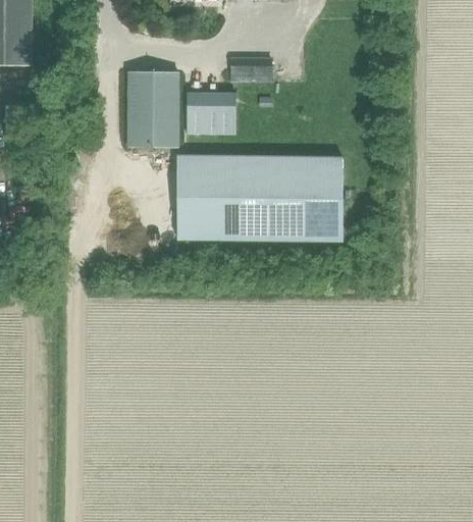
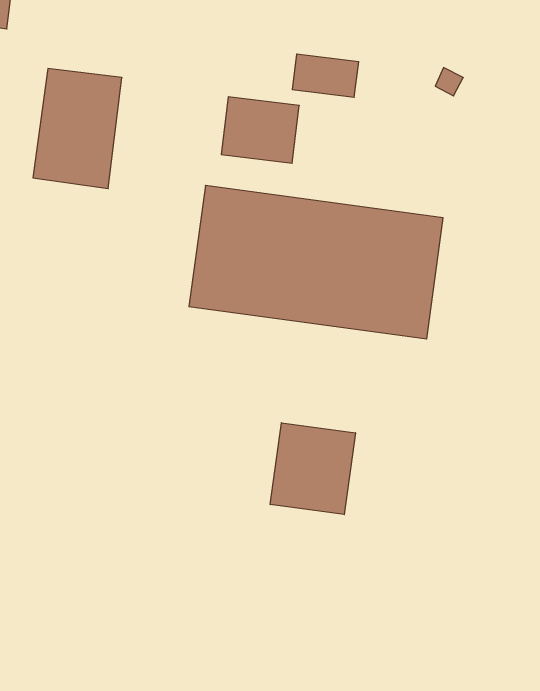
building: [126,71,178,148] -> [33,69,122,189]
building: none -> [270,423,355,515]

